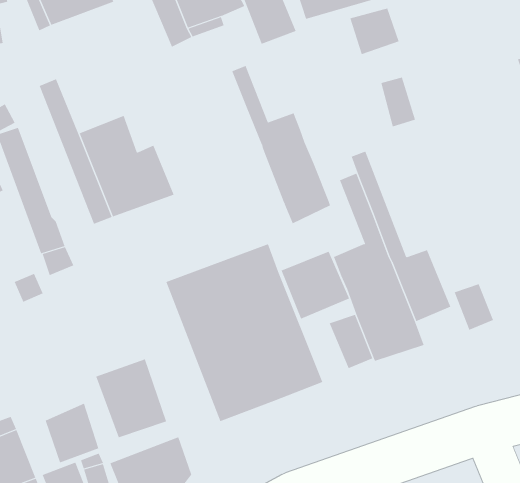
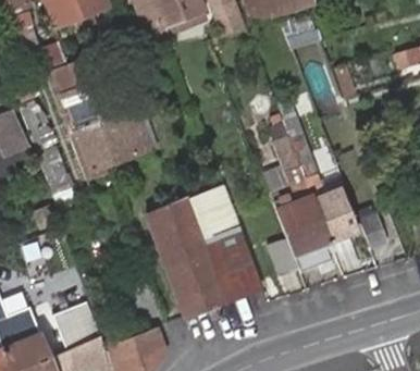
building: [231,65,331,224] -> none
building: [281,251,350,319] -> none
building: [96,359,167,438] -> none

